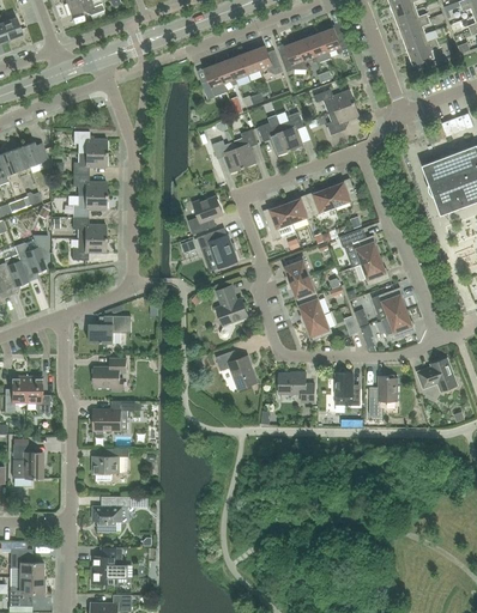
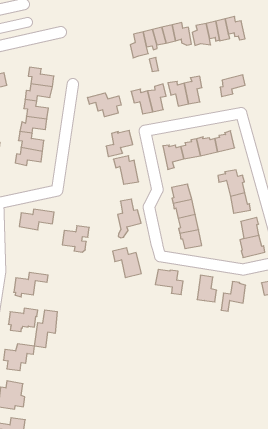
building: [314,90,355,114] -> none
building: none -> [88,93,121,117]
building: [93,359,126,393] -> [62,226,89,252]
building: none -> [35,310,57,348]

